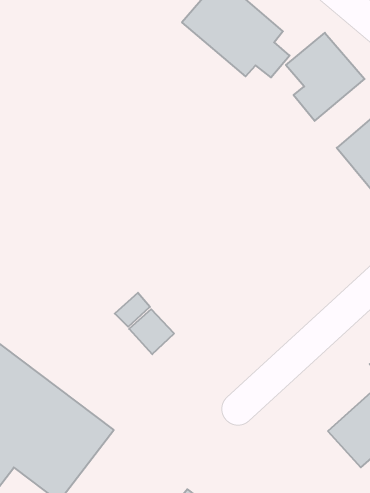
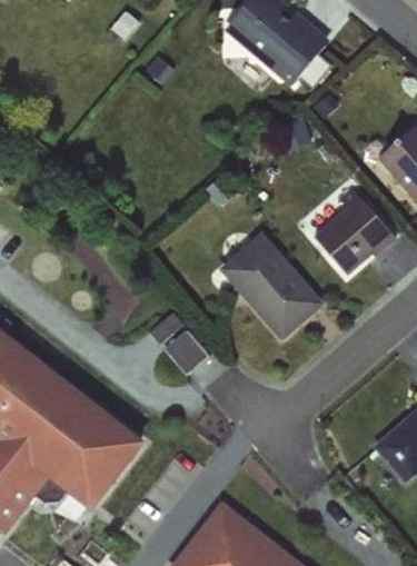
building: [286,33,365,121] -> none
building: none -> [311,183,397,277]
building: none -> [220,234,321,338]

